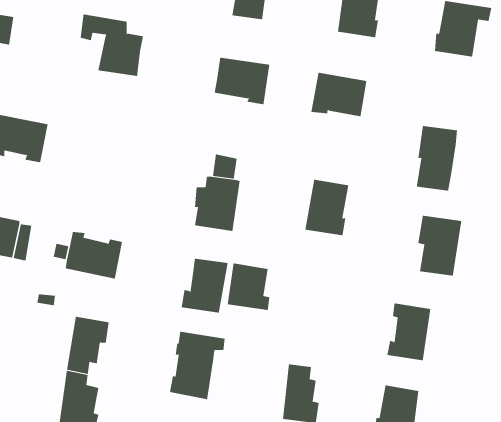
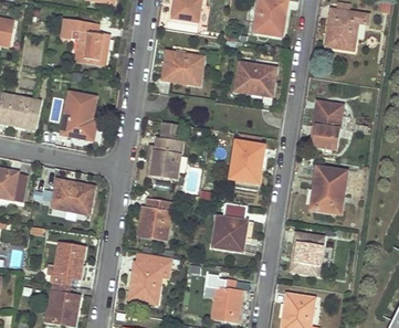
building: none -> [60,92,96,140]
building: [227,263,270,311] -> [211,216,243,252]

